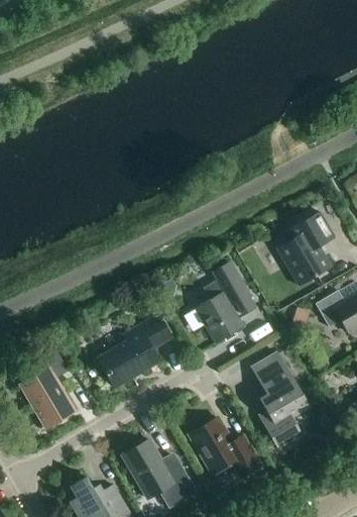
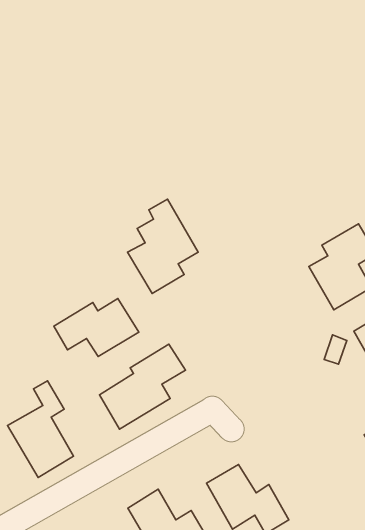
building: [195,263,255,343] -> [128,199,198,293]
building: none -> [54,298,139,356]
building: [252,351,309,450] -> none

